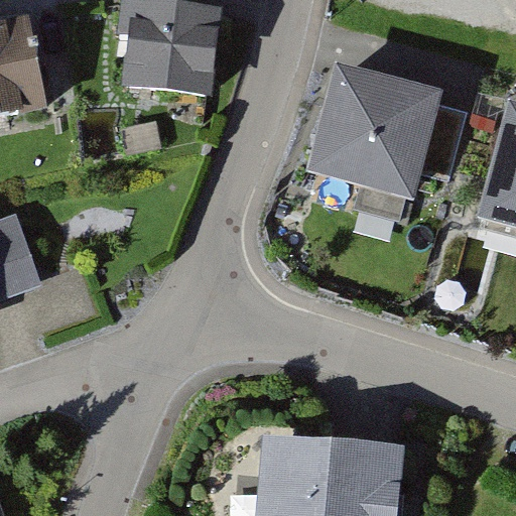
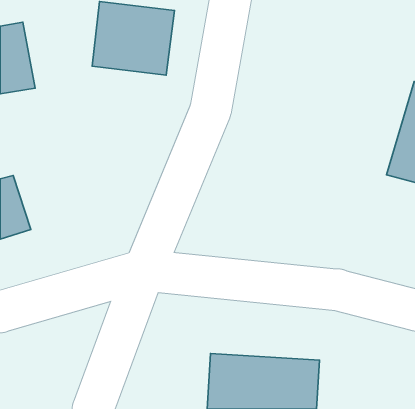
building: [317,69,438,186] -> none

